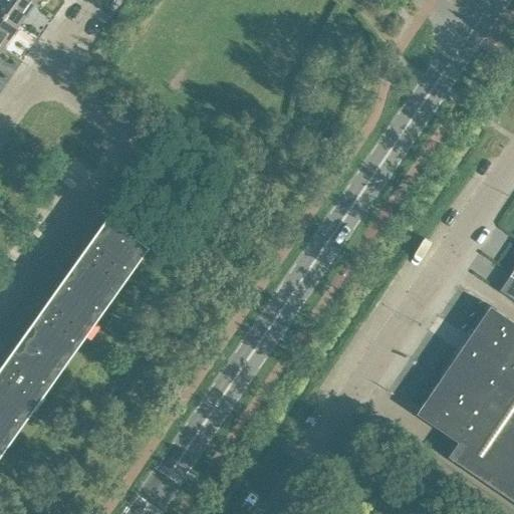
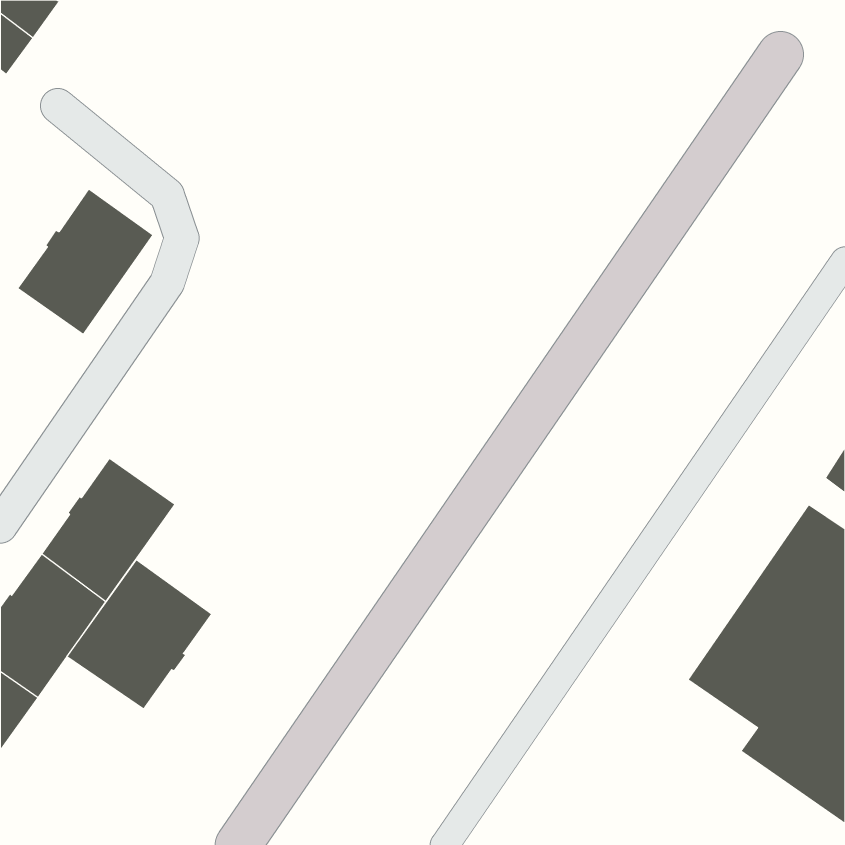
building: [66,218,149,306] -> [17,189,153,334]
building: none -> [67,559,212,709]

